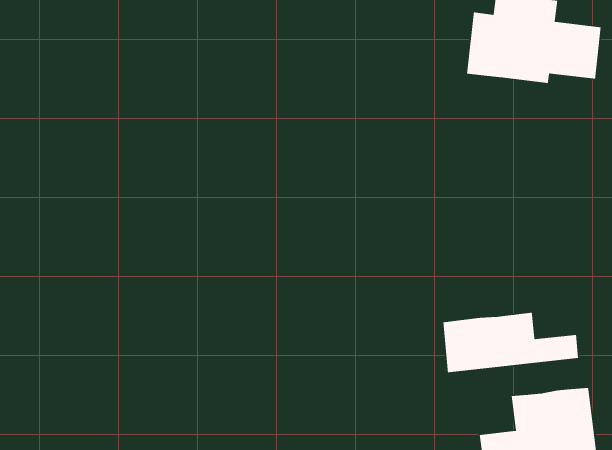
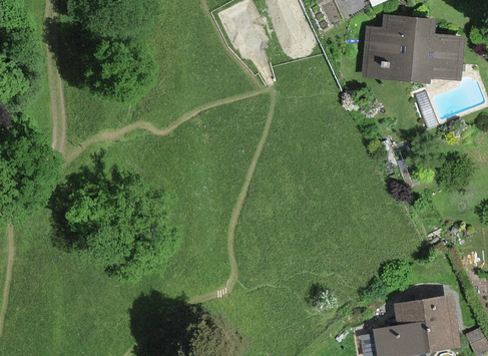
building: [443,312,579,373] -> none

